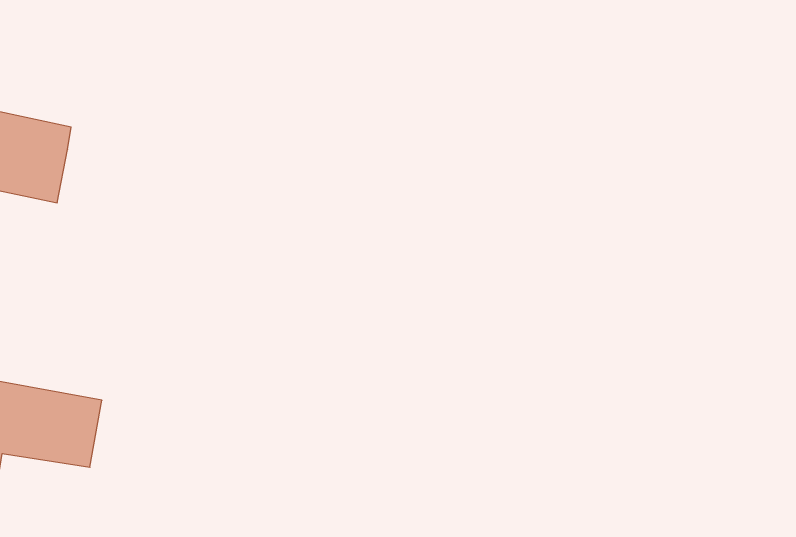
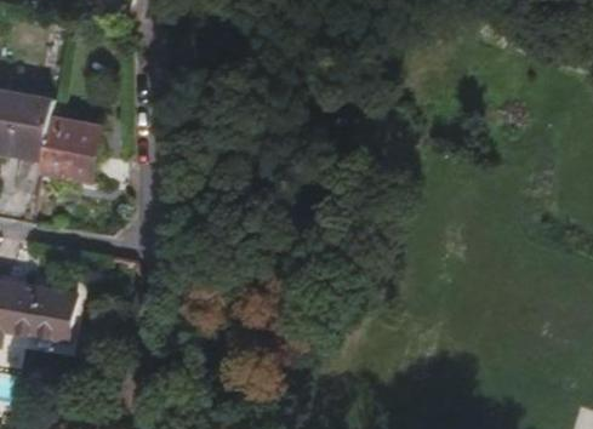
building: none -> [40,116,102,179]

